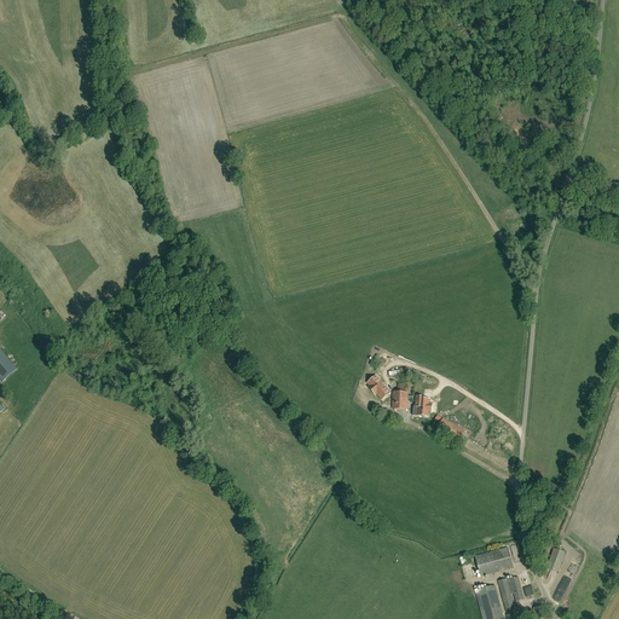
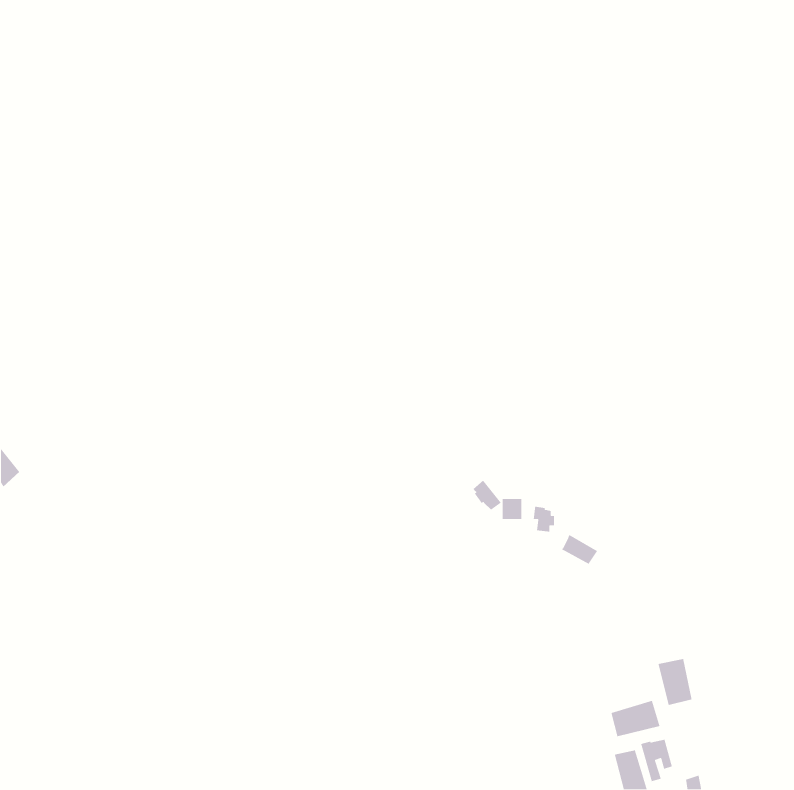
building: none -> [657,658,693,706]

